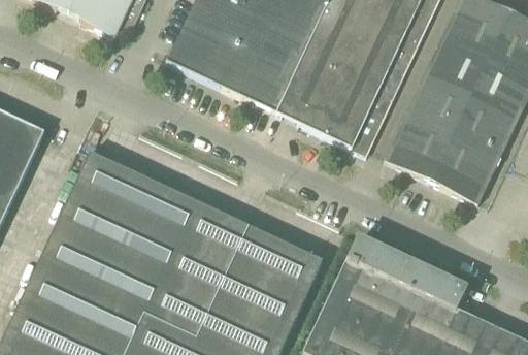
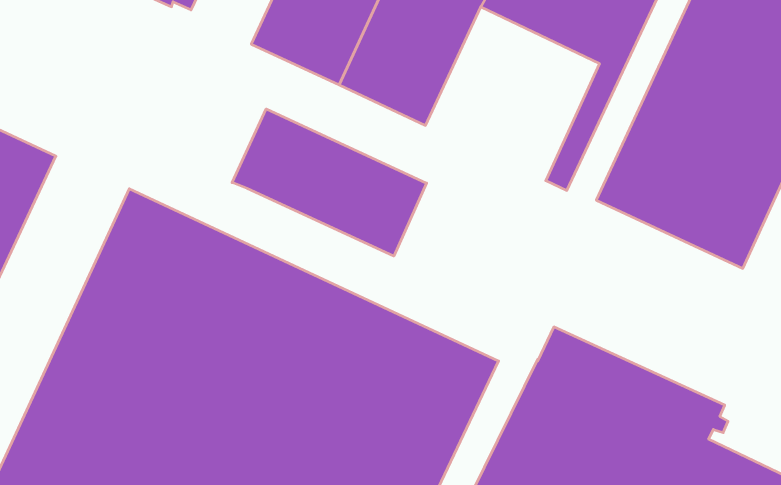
building: [276,35,387,146] -> none
building: none -> [232,109,427,256]

